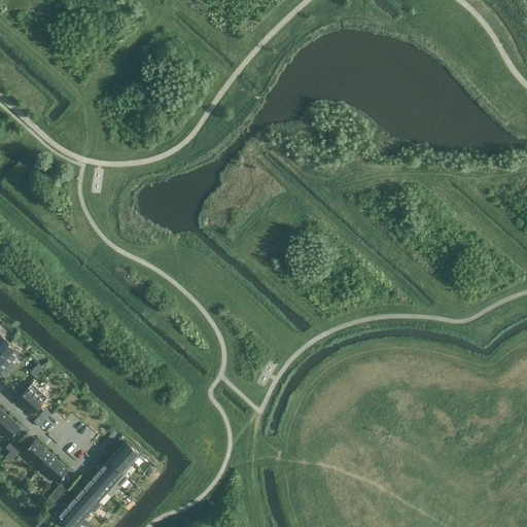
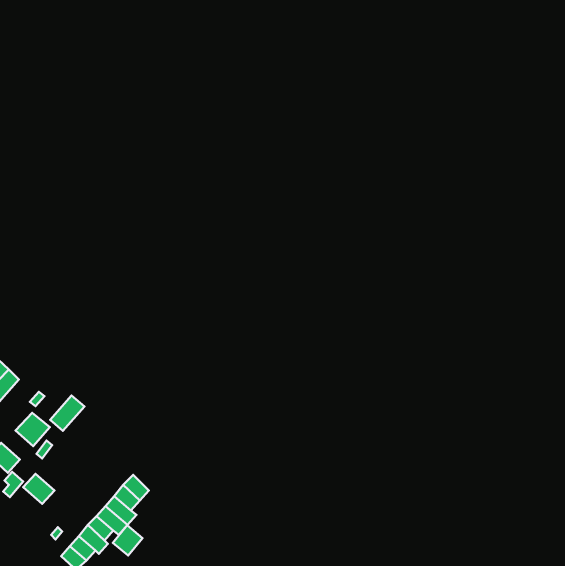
building: none -> [50,395,85,431]
building: [39,456,67,484] -> none
building: none -> [113,525,142,556]

